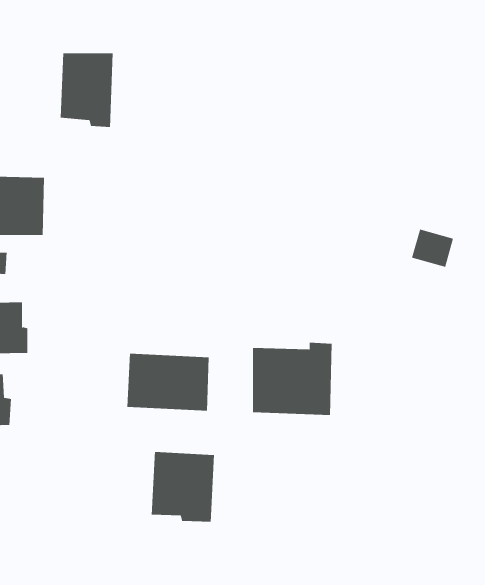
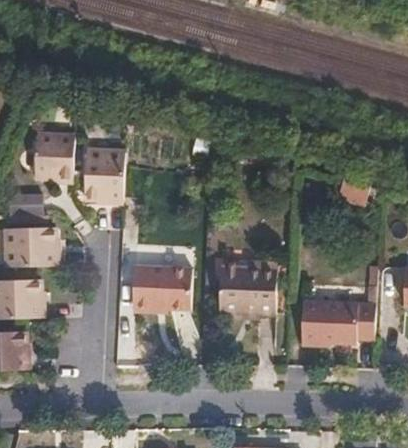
building: [60,53,114,127] -> [83,154,122,208]
building: none -> [300,299,375,341]
building: [151,451,215,523] -> none

